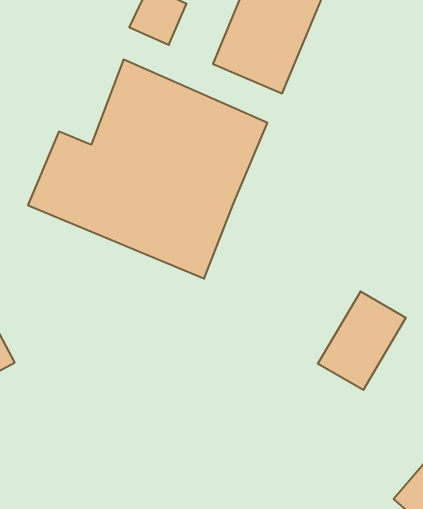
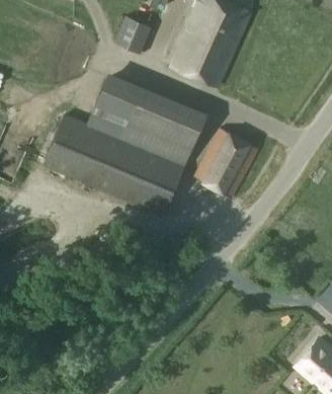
building: [318,291,406,390] -> [196,130,257,198]

